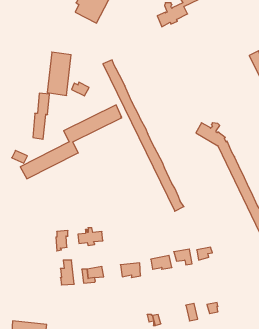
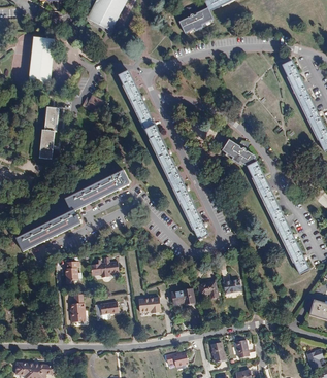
building: [47,52,71,95] -> [28,36,55,84]
building: [20,105,122,179] -> [15,169,129,251]

